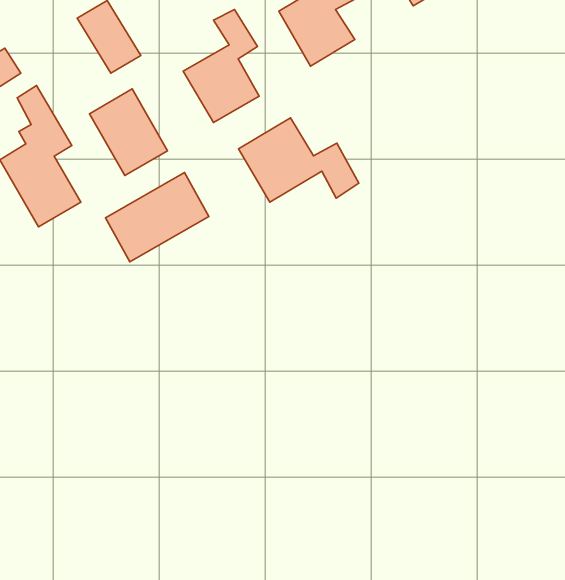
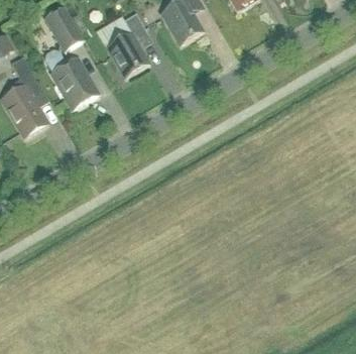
building: [238,118,359,202] -> none
building: [105,173,209,262] -> none

